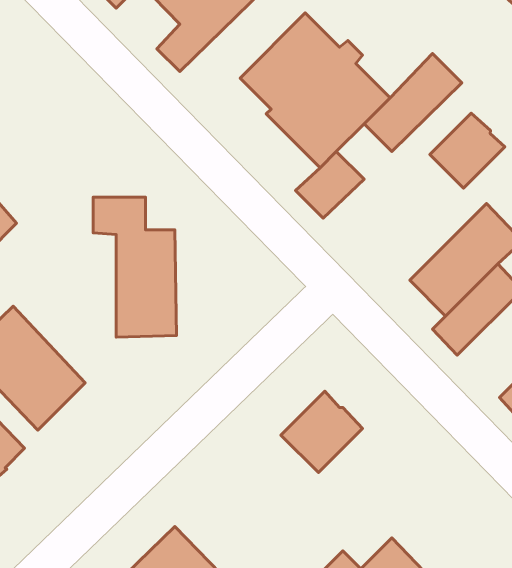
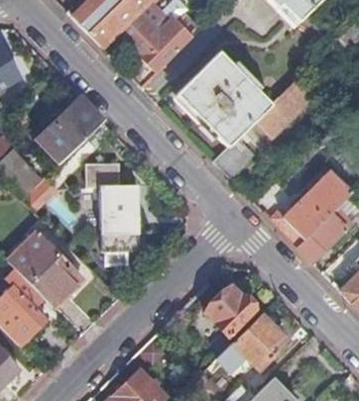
building: none -> [37,95,105,162]
building: [430,113,505,188] -> none
building: none -> [221,312,288,369]

